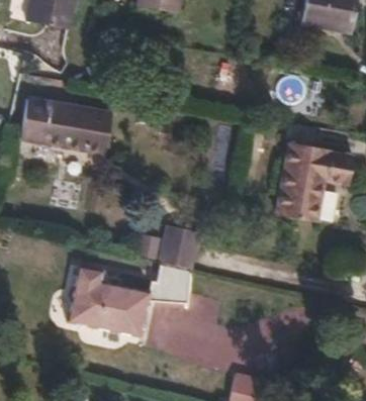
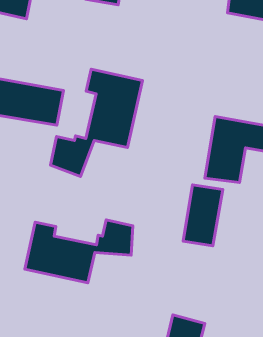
building: none -> [50,69,142,177]
building: none -> [183,185,223,246]
building: [161,223,198,270] -> none

